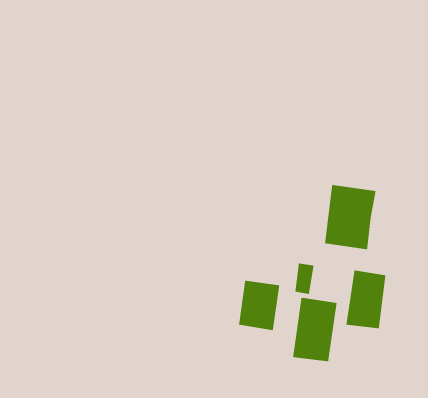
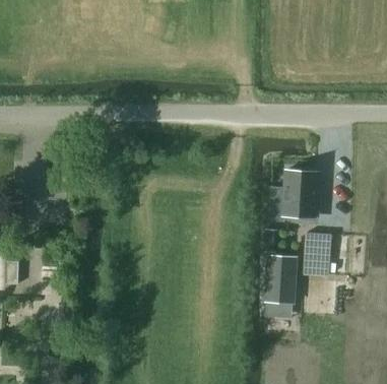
building: [238,280,280,331] -> none

